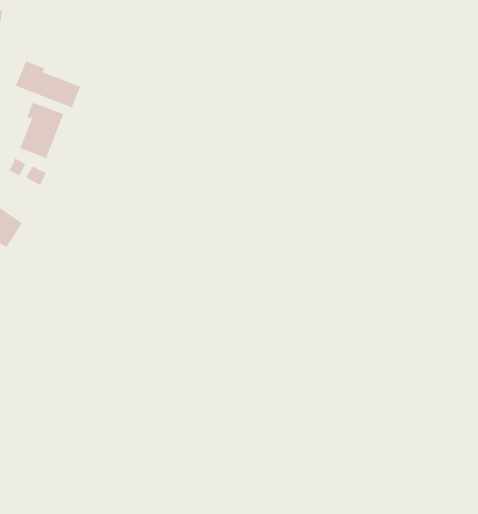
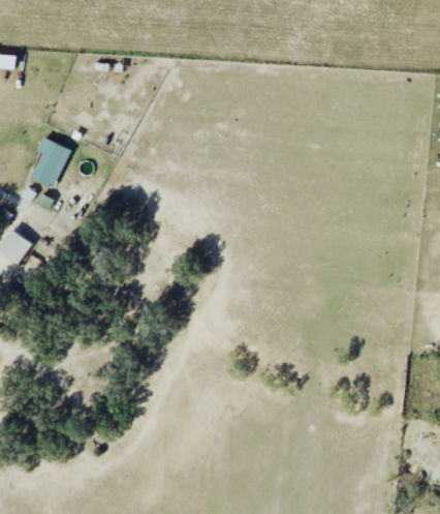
building: [15,61,81,108] -> none

